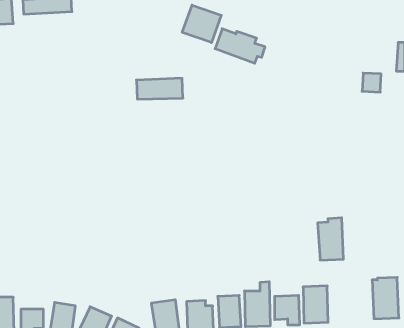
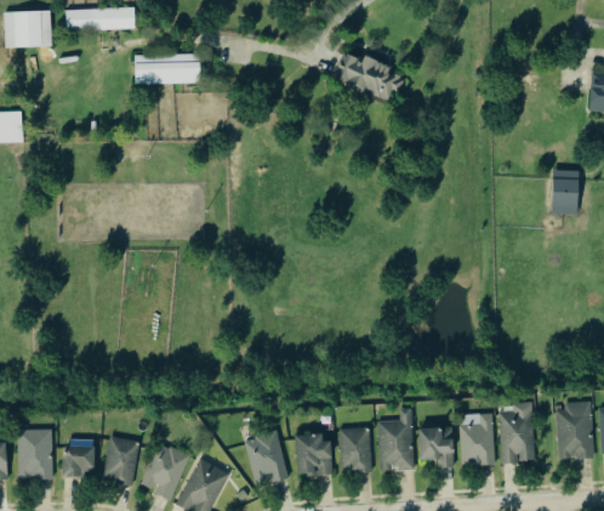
building: [182,5,221,43] -> none
building: [362,73,381,92] -> [551,178,577,205]
building: [136,78,183,99] -> [133,53,199,83]
building: [318,218,343,260] -> [497,404,534,464]

